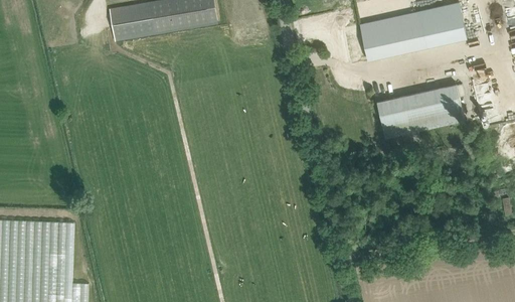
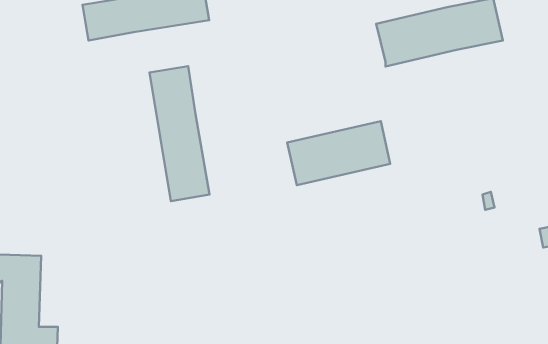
building: none -> [149,66,210,201]
building: [375,85,463,139] -> [287,121,390,185]

